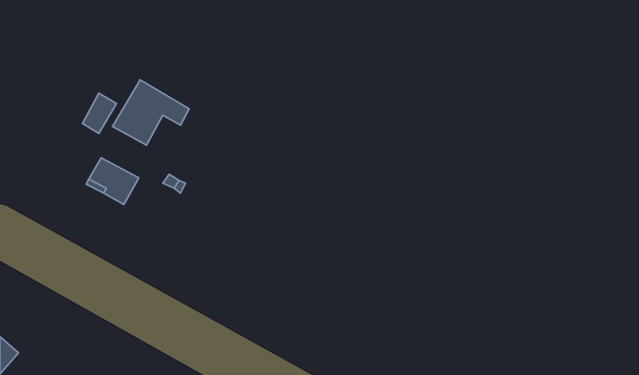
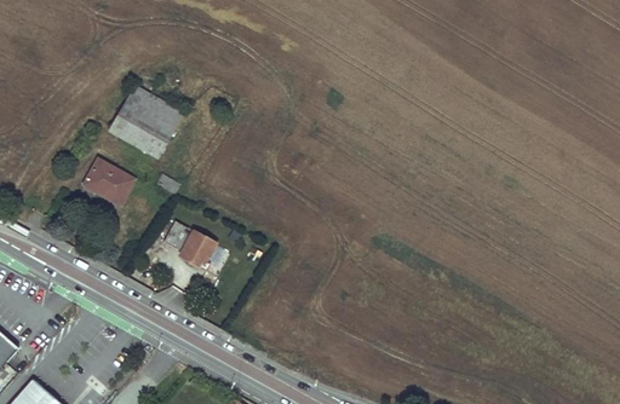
building: [83,93,117,134] -> [142,119,174,157]
building: none -> [165,221,217,272]

